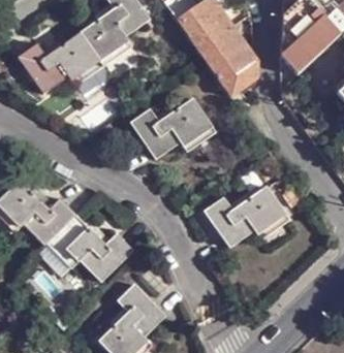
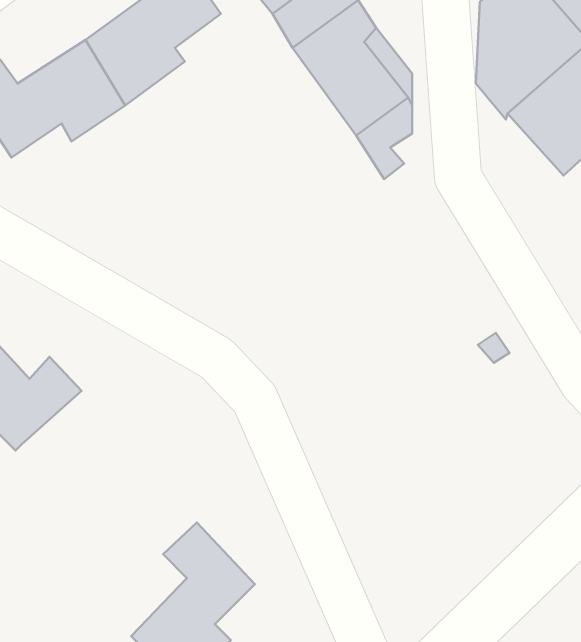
building: [129,97,215,158] -> none
building: [204,186,287,245] -> none
building: [46,214,133,281] -> none

